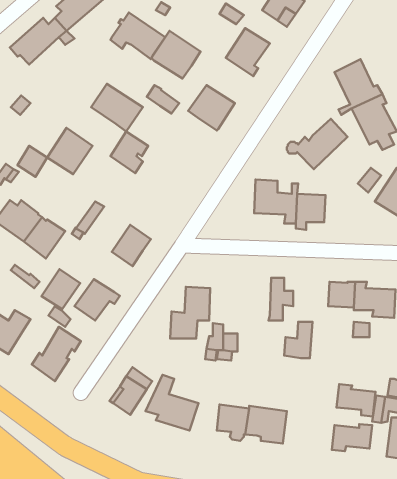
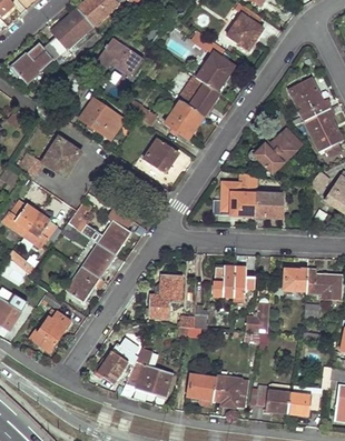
building: [151,31,201,79] -> [177,74,219,116]
building: [111,132,148,173] -> [144,138,176,173]
building: [41,269,80,309] -> [82,243,116,278]
building: none -> [211,265,235,298]
building: [337,384,375,416] -> [256,385,289,413]

